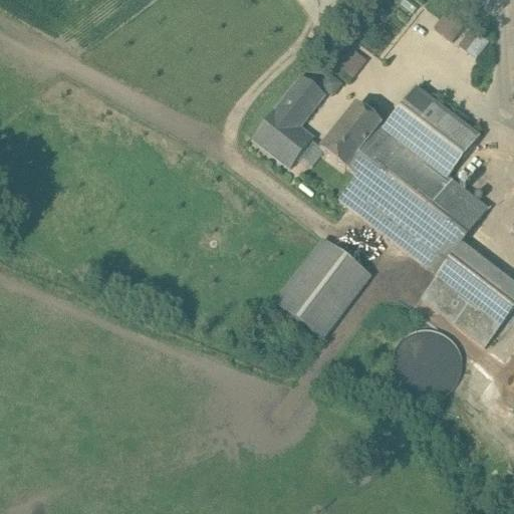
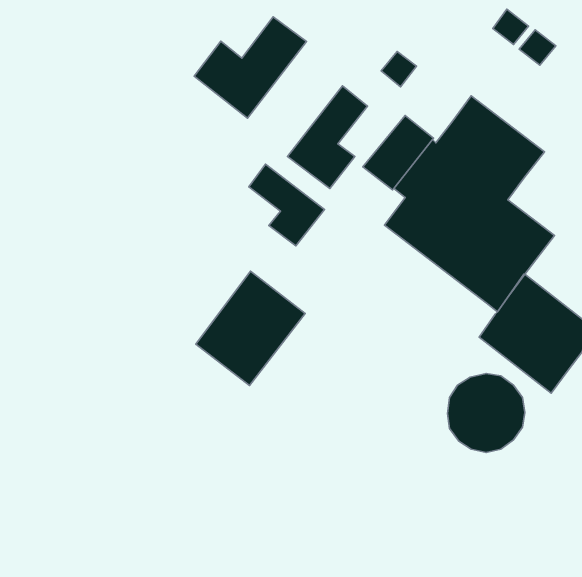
building: none -> [194,17,306,118]
building: none -> [249,164,324,246]
building: [275,237,371,337] -> [196,271,305,385]

